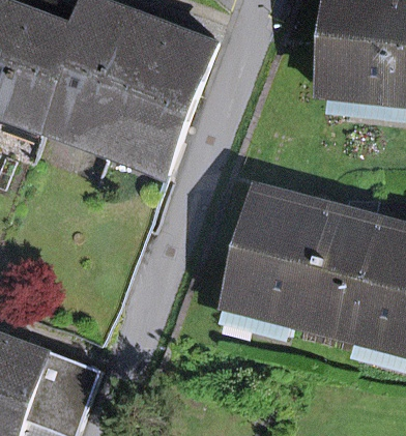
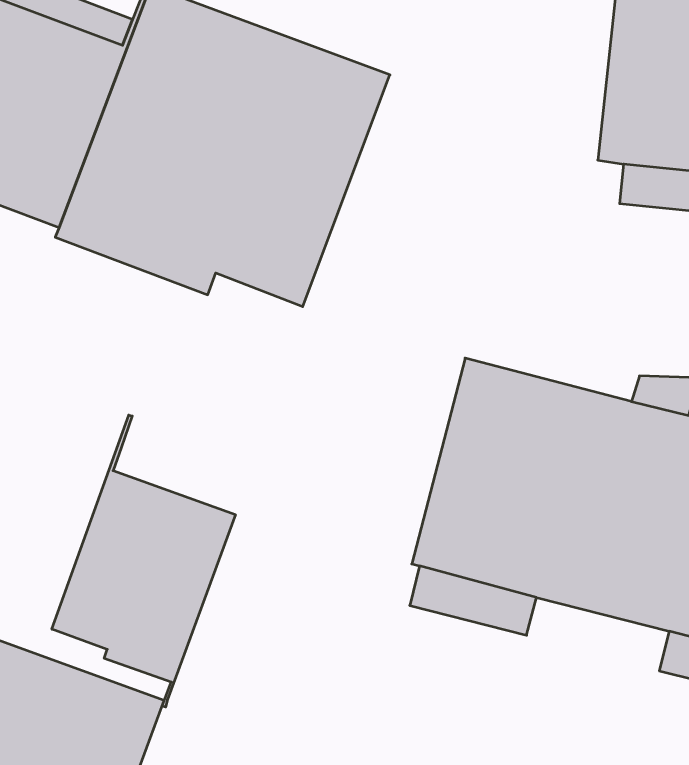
building: none -> [52,415,235,707]

